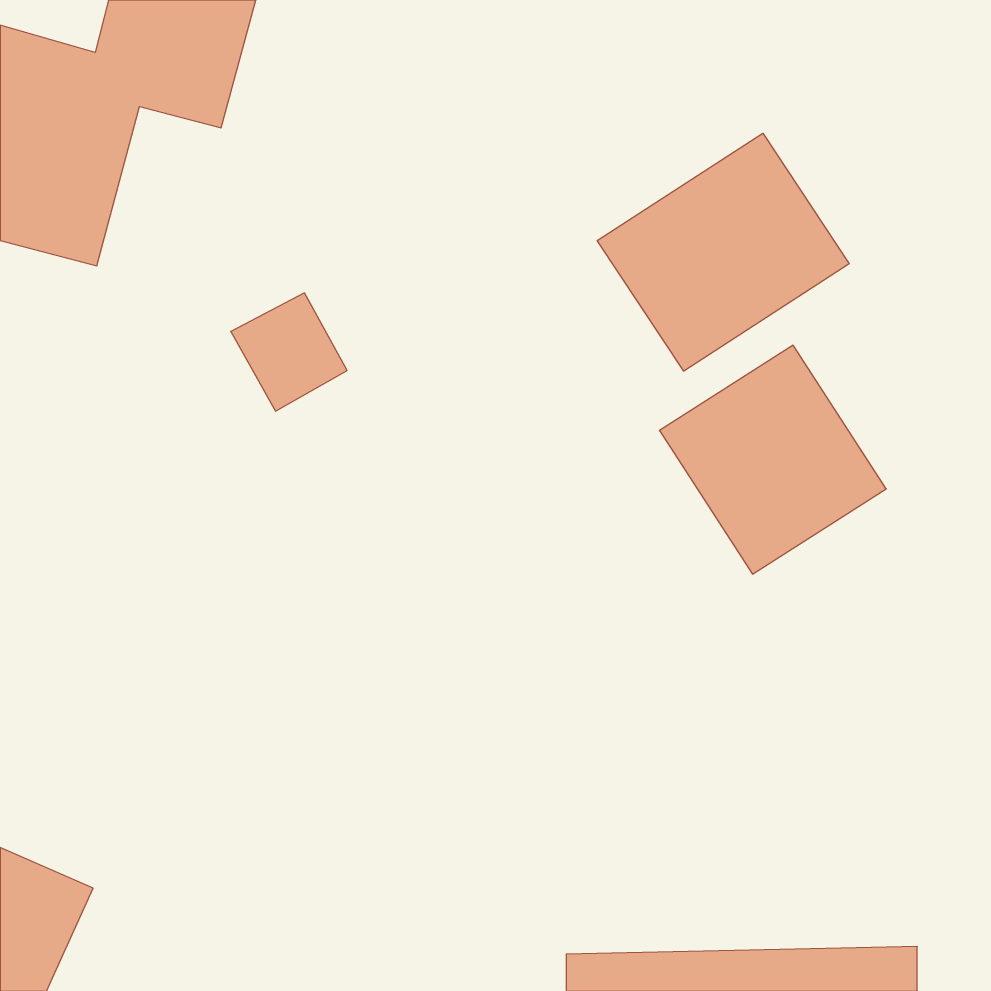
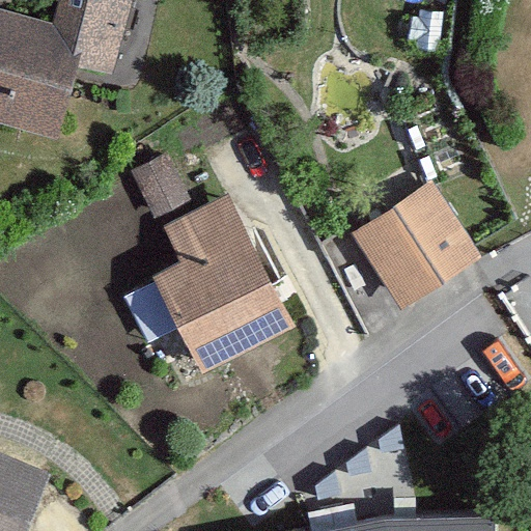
building: [597,133,849,371] -> none
building: none -> [149,198,292,374]

